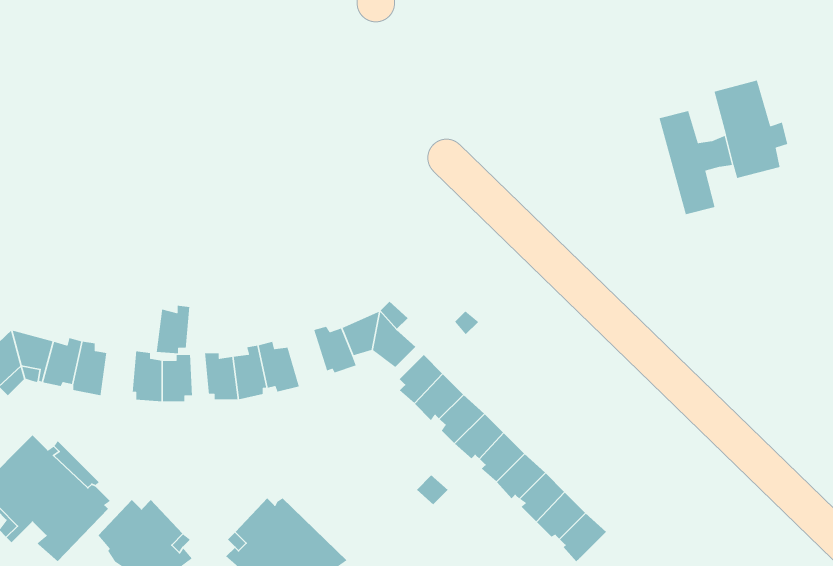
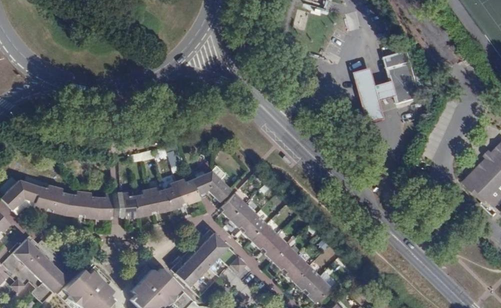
building: [156,305,190,354] -> [65,190,83,216]
building: none -> [163,180,183,210]
building: none -> [170,228,227,286]

